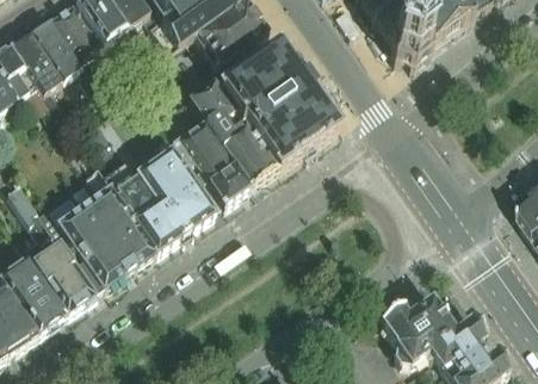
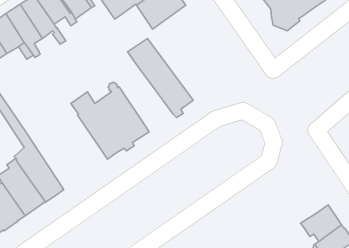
building: [216,44,340,167] -> none
building: [156,113,253,204] -> none
building: [42,167,159,293] -> none
building: [384,285,458,361] -> none

